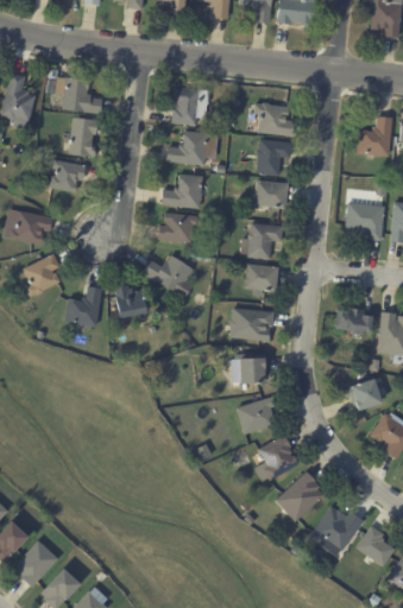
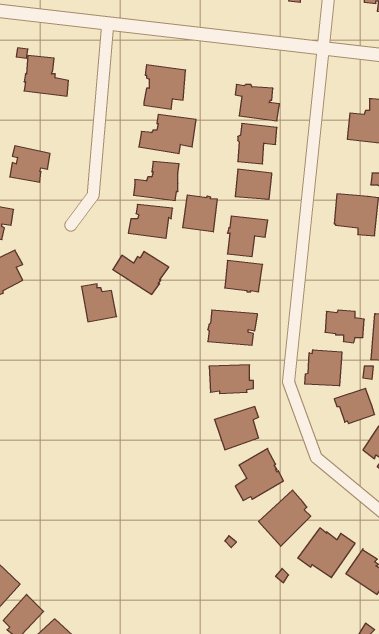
building: [65,118,97,157] -> none
building: none -> [183,195,217,232]
building: [64,286,102,328] -> none
building: none -> [305,350,342,386]

